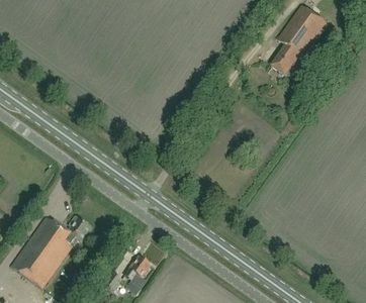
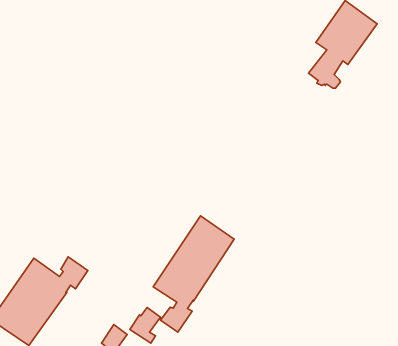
building: none -> [153,216,234,332]

